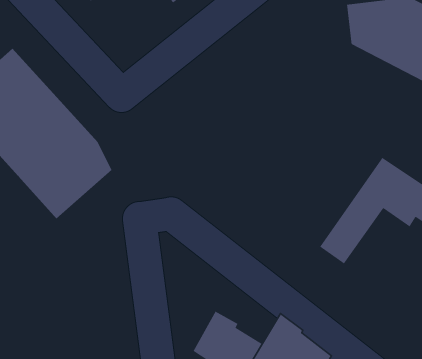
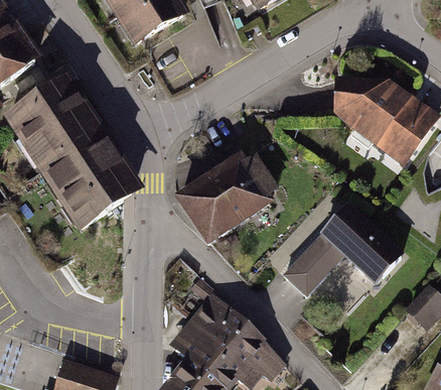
building: none -> [181,155,269,239]
building: none -> [190,277,248,345]

